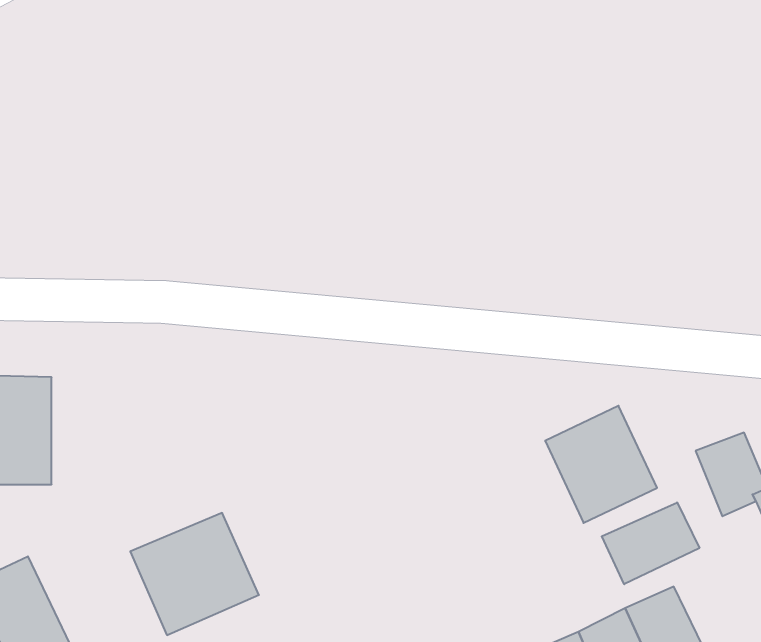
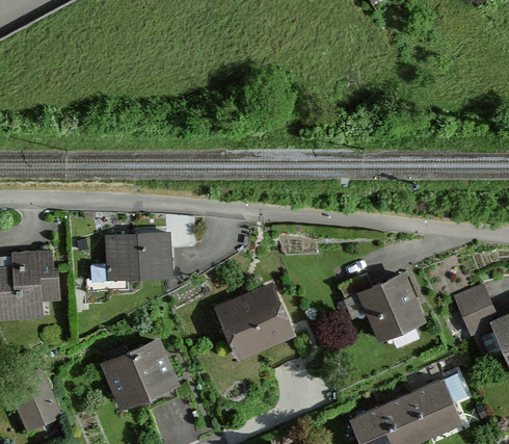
building: none -> [106,233,171,281]
building: none -> [213,280,296,362]
building: [602,502,699,584] -> none

